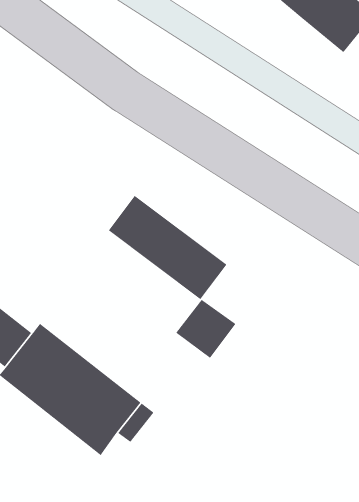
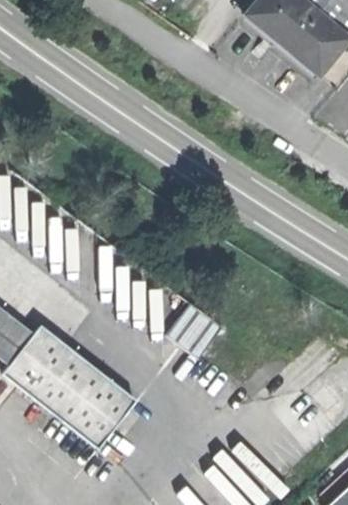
building: [108,195,227,300] -> none

